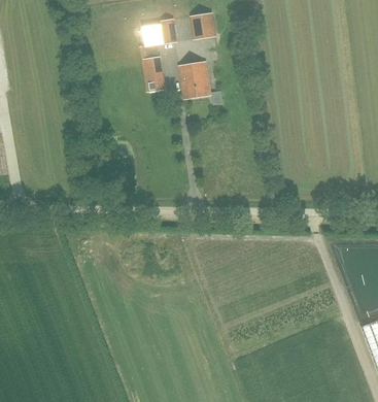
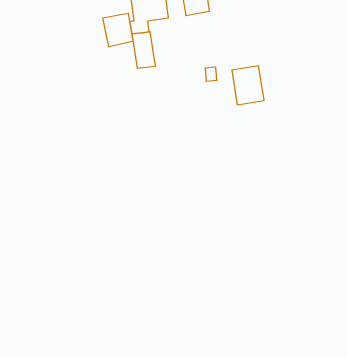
building: none -> [103,13,133,47]
building: [179,62,210,99] -> [232,66,264,105]

